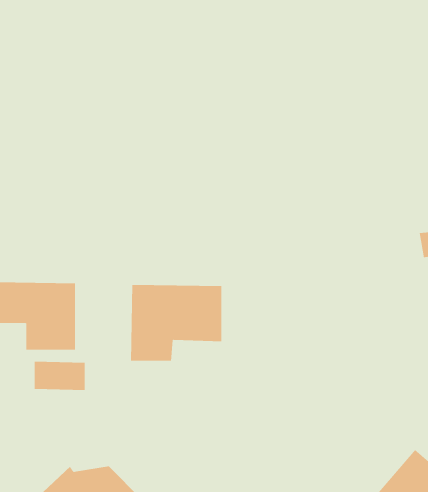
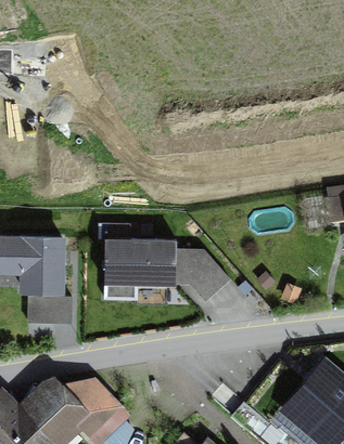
building: none -> [176,248,230,300]

